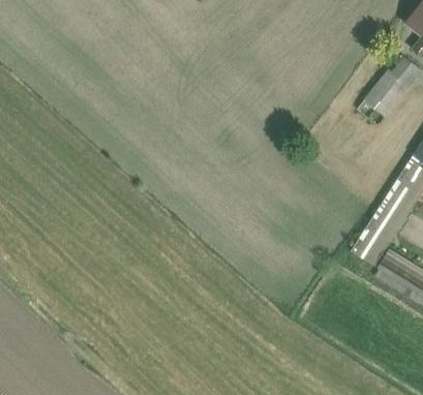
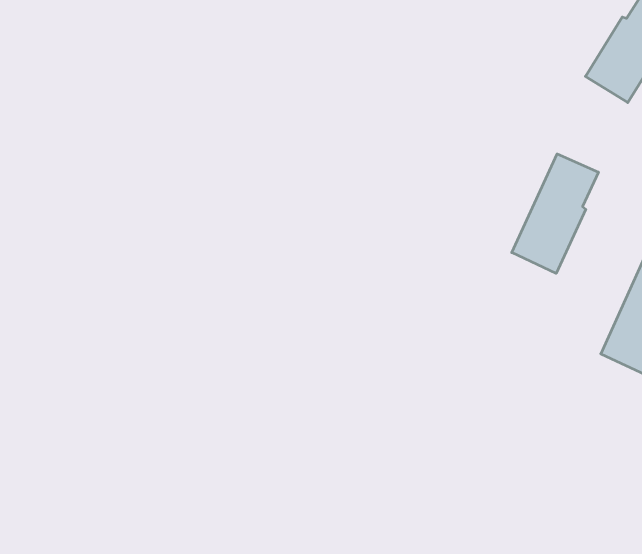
building: none -> [512,154,598,273]

